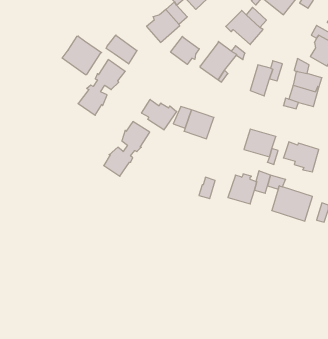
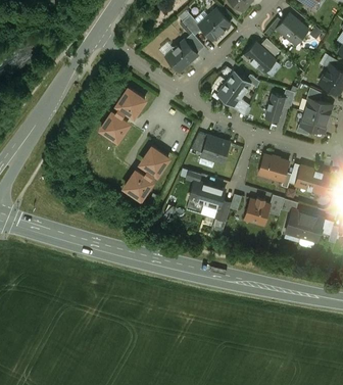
building: [106,35,137,64] -> none
building: [62,36,102,75] -> none
building: [171,36,199,64] -> none
building: [142,99,177,130] -> none
building: none -> [196,183,225,207]

